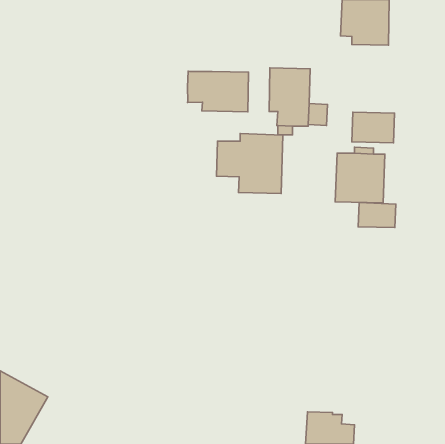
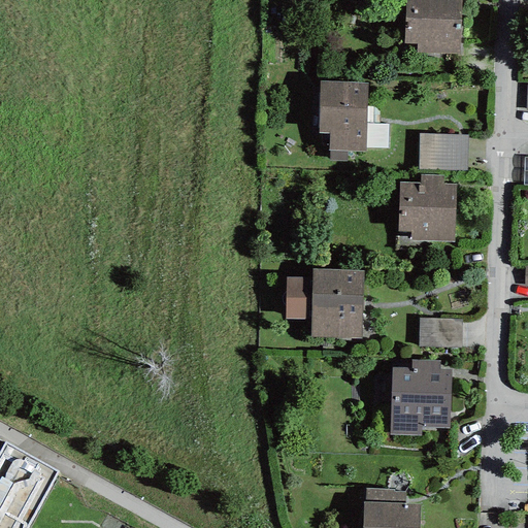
building: [187,71,249,112] -> none
building: [217,133,283,193] -> [285,267,363,338]
building: [358,202,396,228] -> [418,317,462,346]
building: none -> [390,359,451,435]

